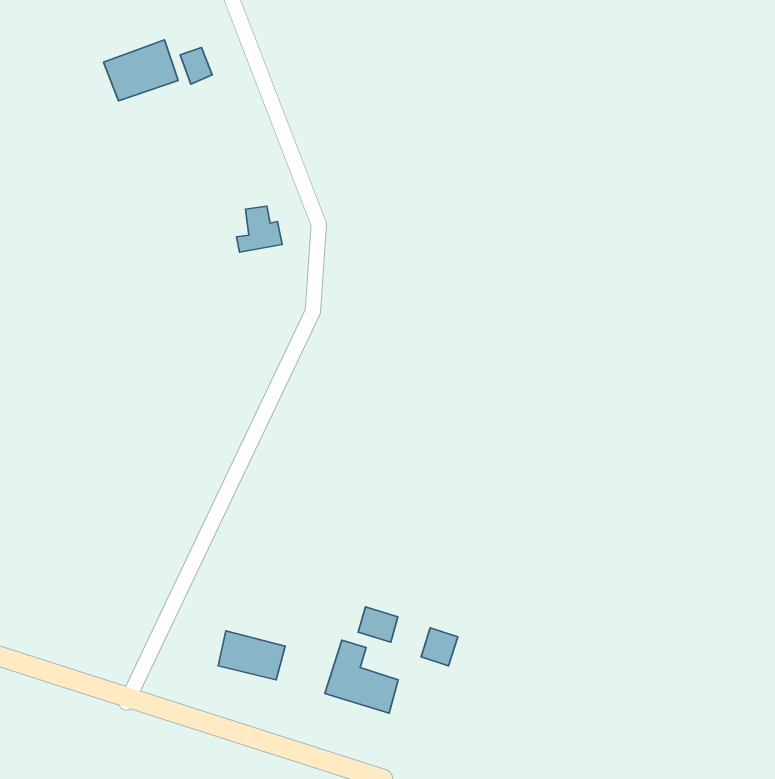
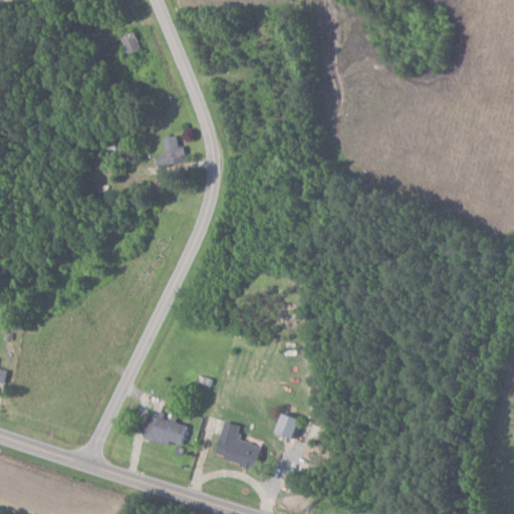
building: [104,40,178,101] -> none
building: [358,607,398,642] -> none

